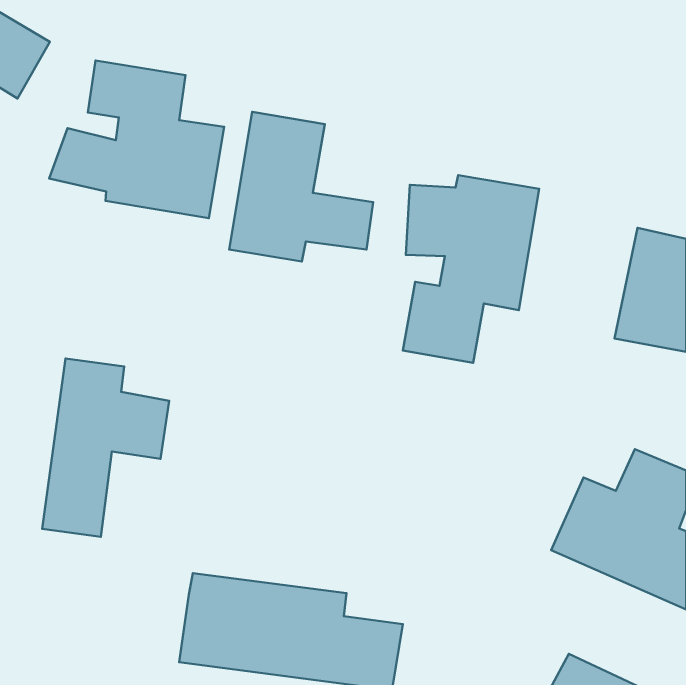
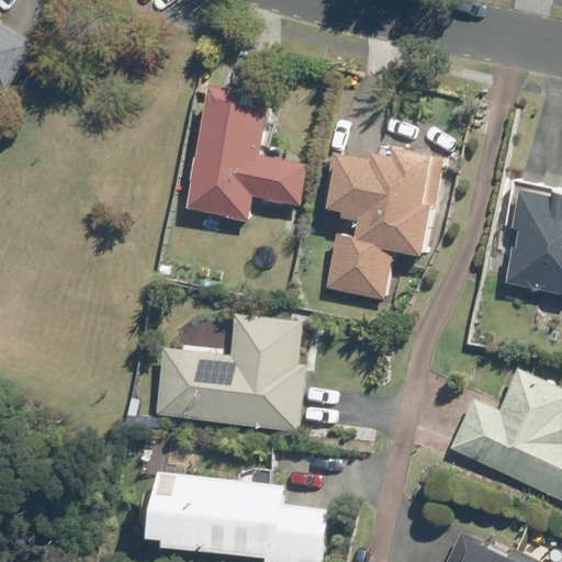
building: [49,61,224,218] -> none
building: [42,359,169,537] -> none
building: none -> [159,316,304,432]

